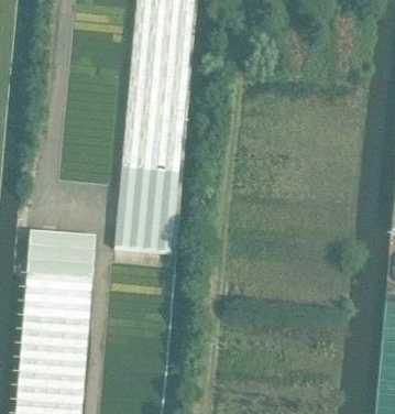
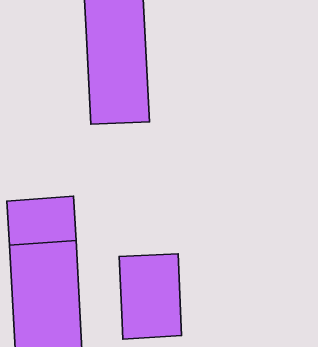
building: [116,166,180,251] -> [119,254,182,339]

